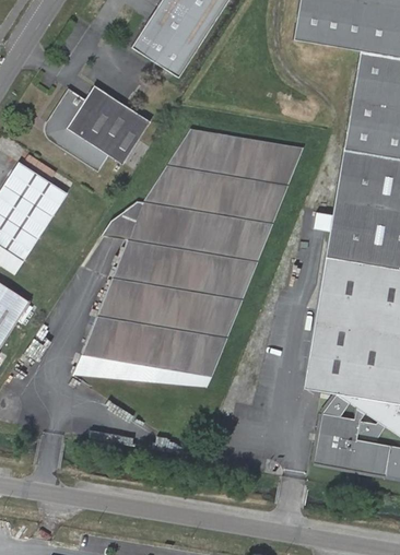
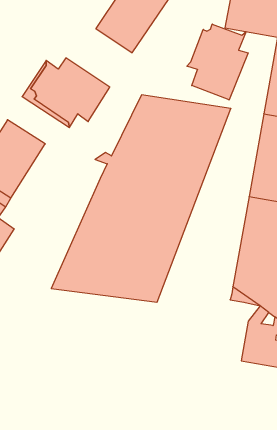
building: none -> [187,24,248,100]
building: [110,210,145,234] -> none

